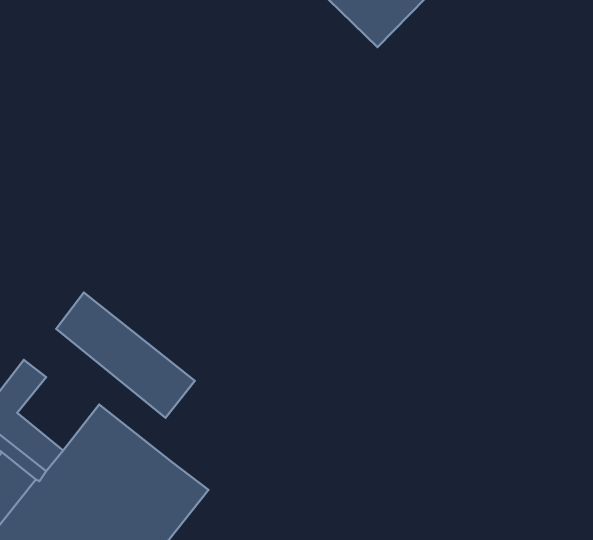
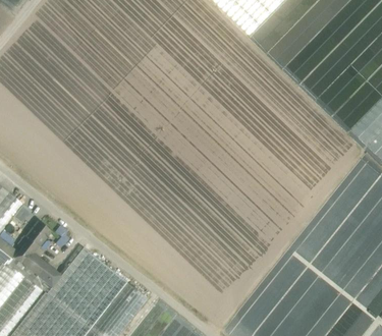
building: [56,292,195,418] -> none

